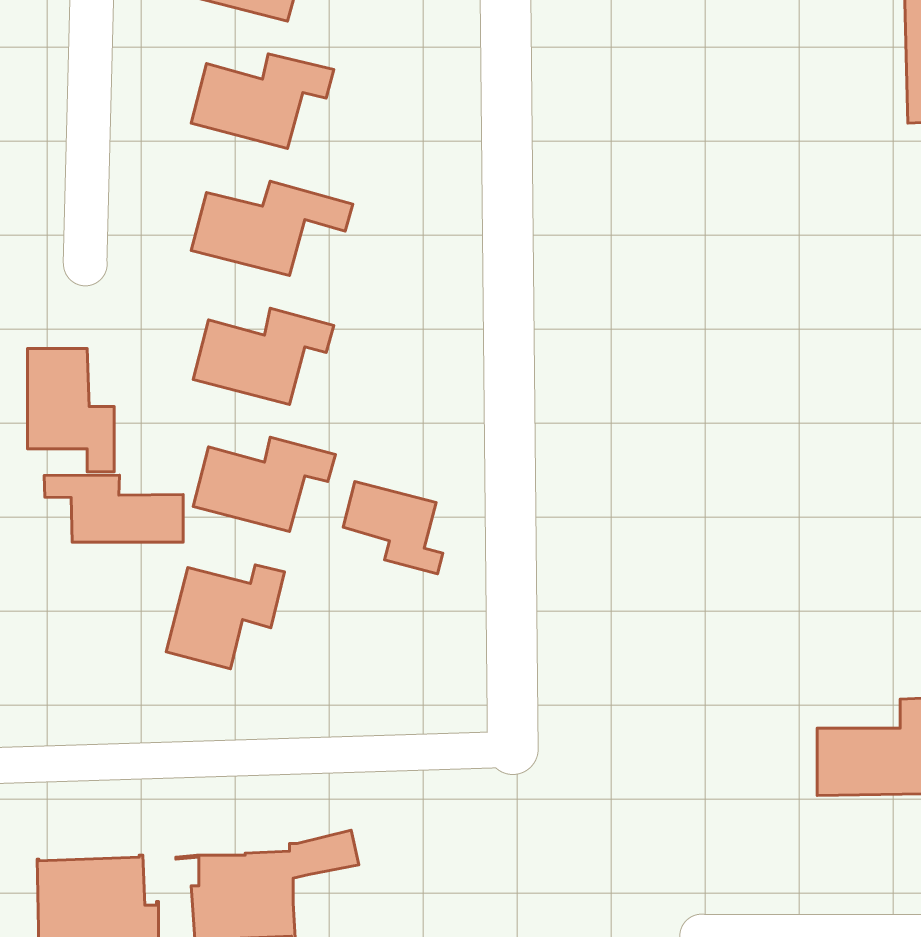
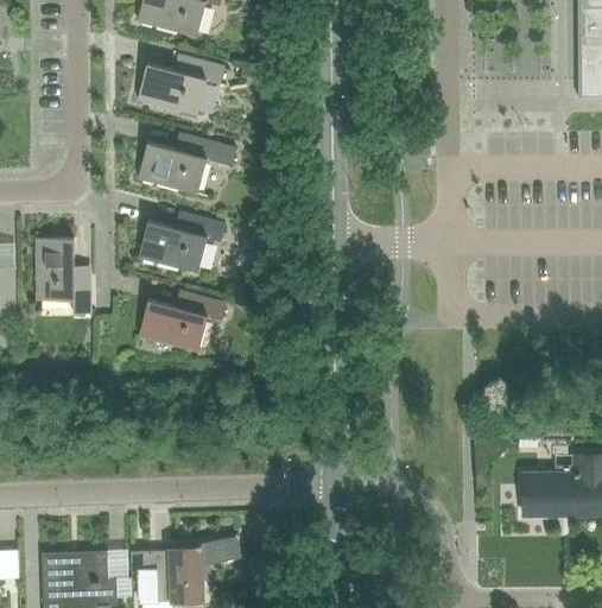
building: [44,475,183,542] -> none
building: [343,482,443,574] -> none
building: [166,565,285,669] -> none

